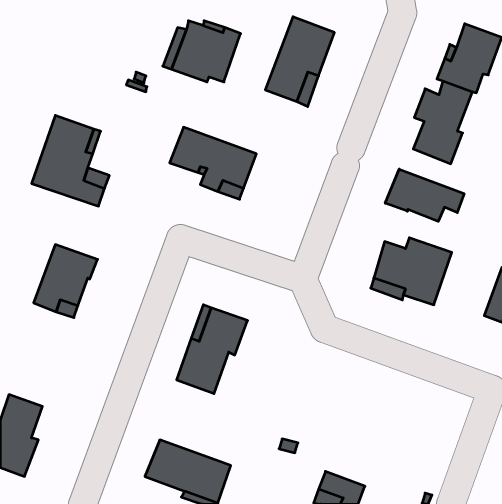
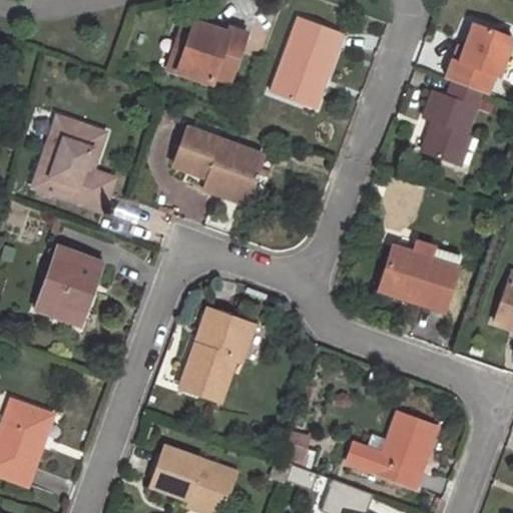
building: [385,169,464,221] -> none
building: none -> [348,413,437,486]

